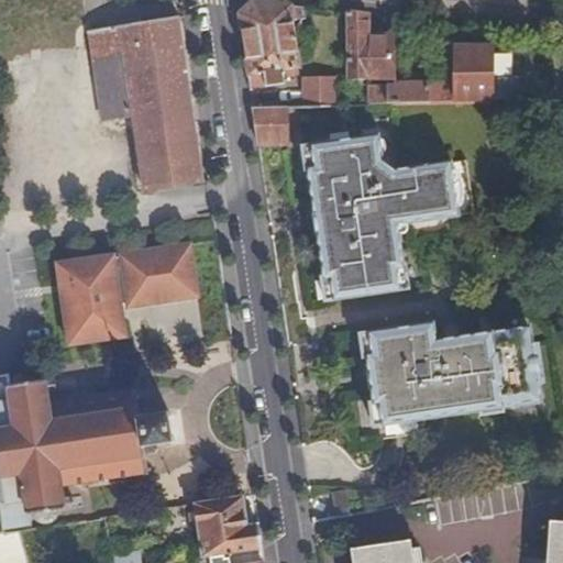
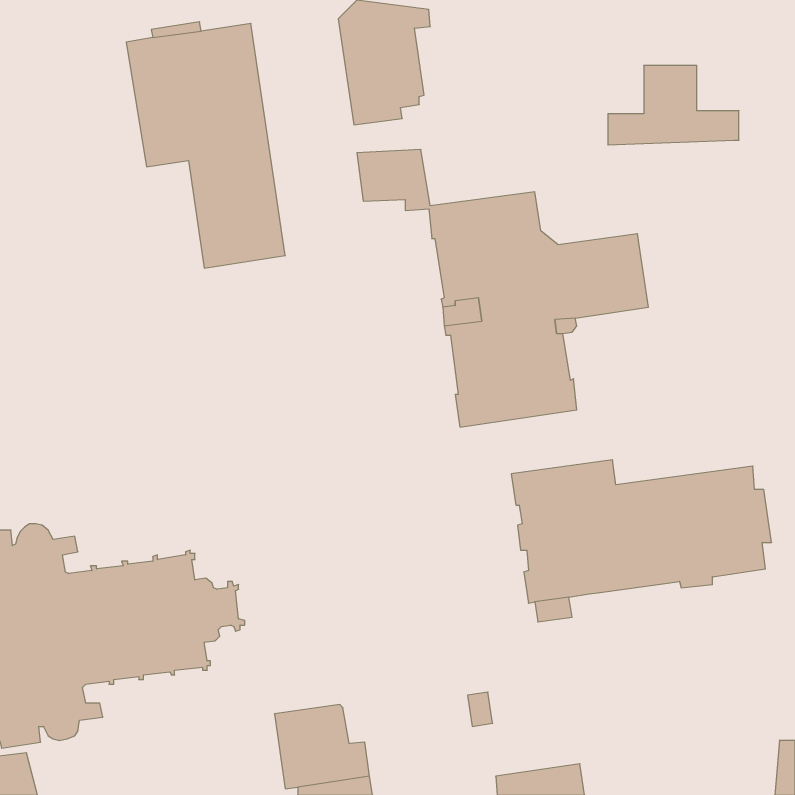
building: [347,13,393,79] -> none
building: [368,74,429,103] -> none
building: [302,76,343,106] -> none
building: [55,243,197,343] -> none

